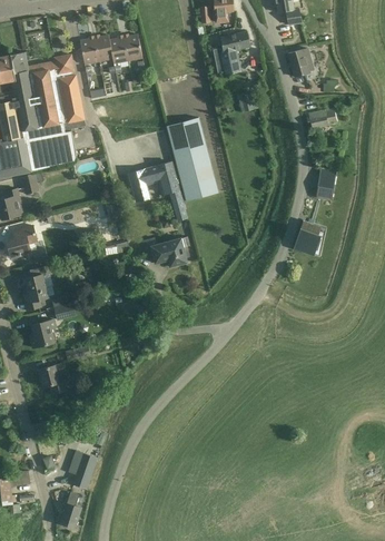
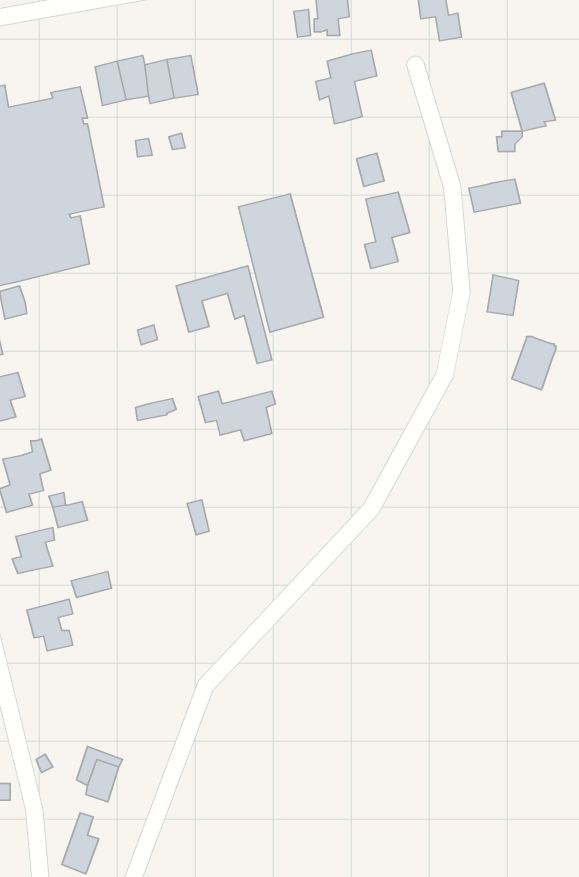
building: [288,48,315,77] -> [511,83,555,131]
building: none -> [364,192,410,268]
building: [294,222,320,254] -> [512,336,556,390]

